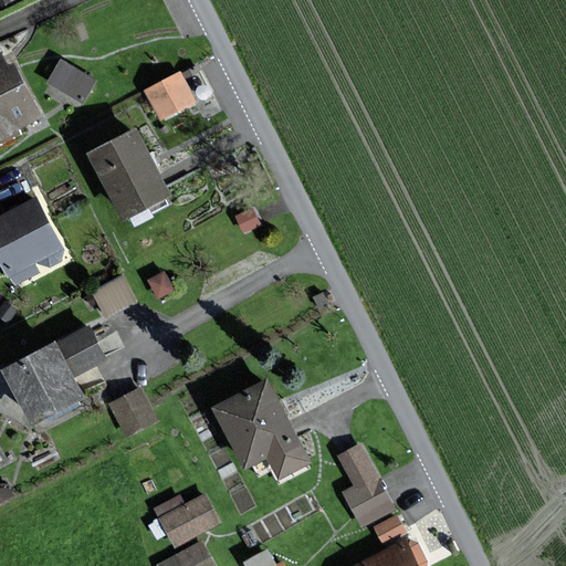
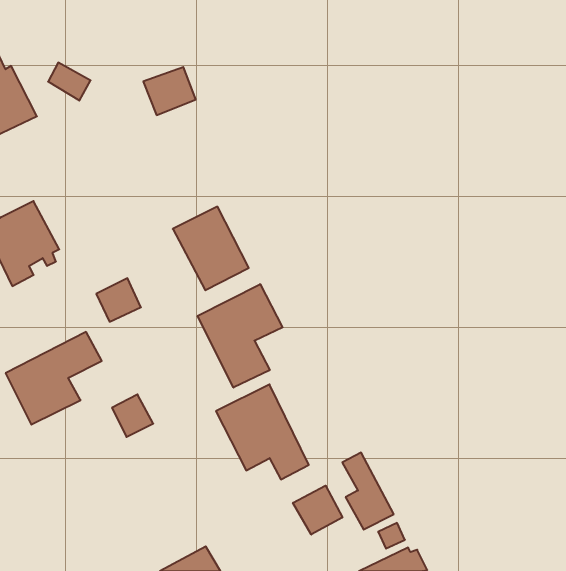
building: [90,132,165,214] -> [173,207,249,290]
building: none -> [198,284,283,388]
building: none -> [293,486,342,535]
building: [160,493,223,548] -> none

